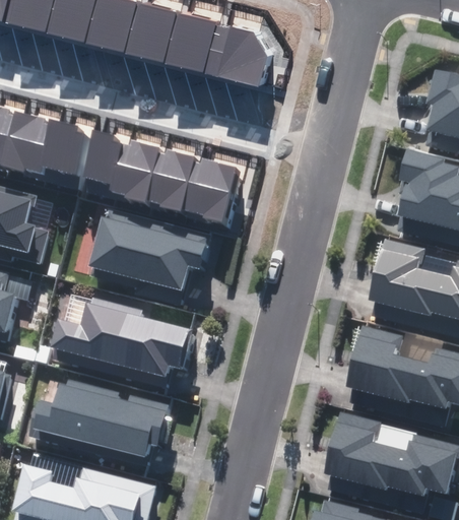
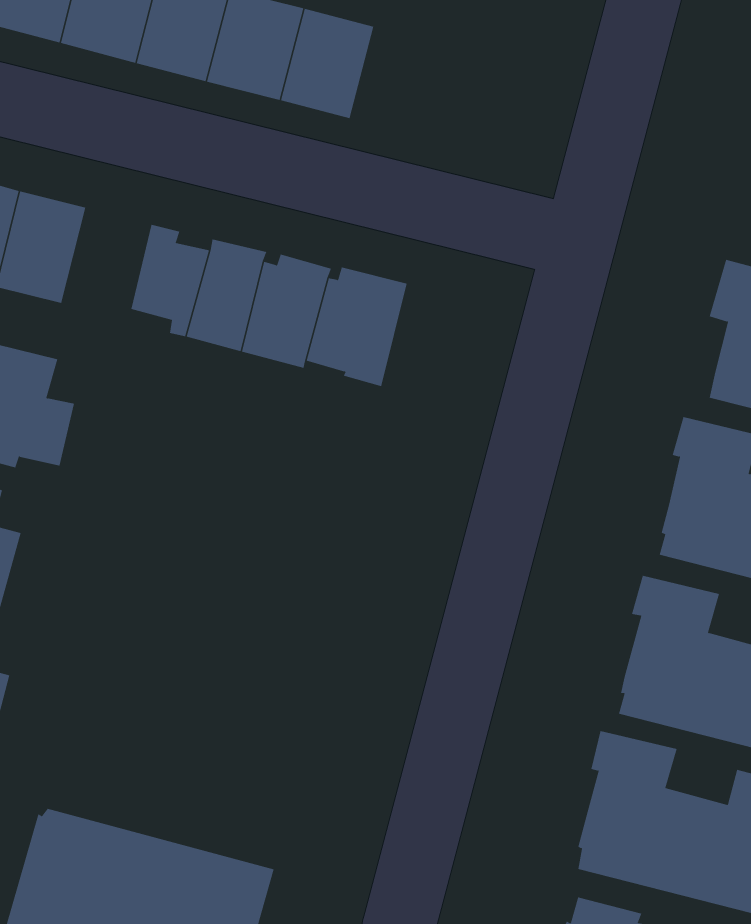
building: [199,20,260,84] -> none
building: [41,120,89,182] -> none
building: [91,208,211,292] -> none
building: [56,298,196,379] -> none
building: [29,380,168,468] -> none

